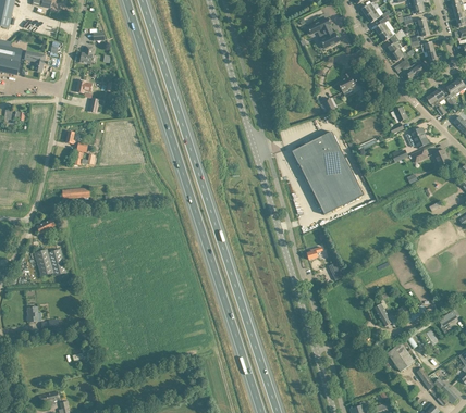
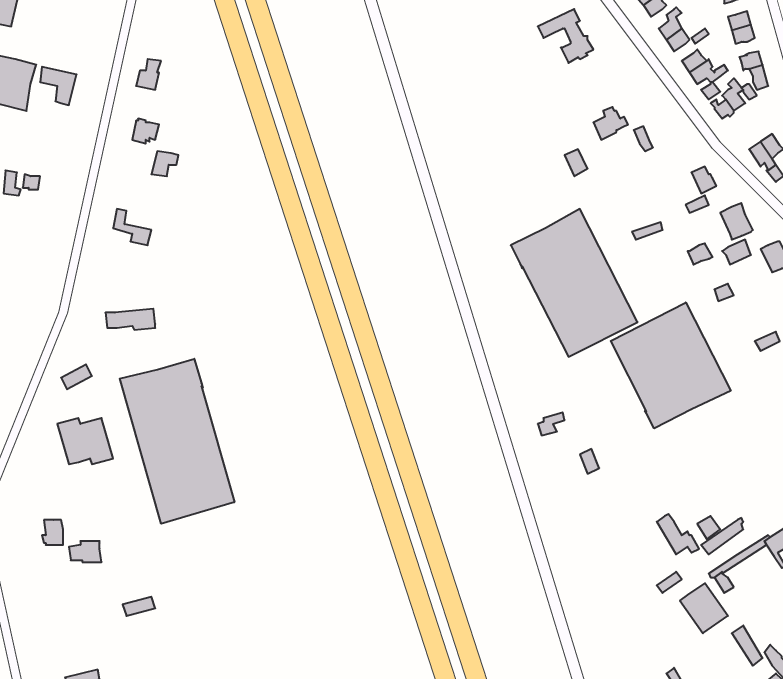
building: none -> [611,302,731,428]
building: none -> [120,359,234,524]

